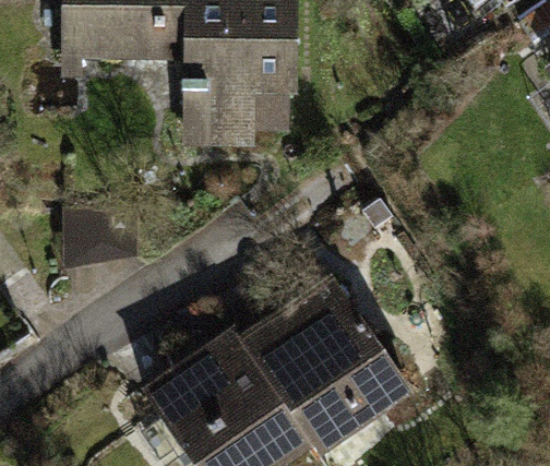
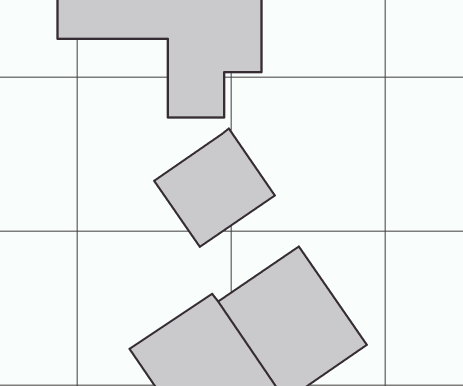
building: none -> [154,129,275,247]

